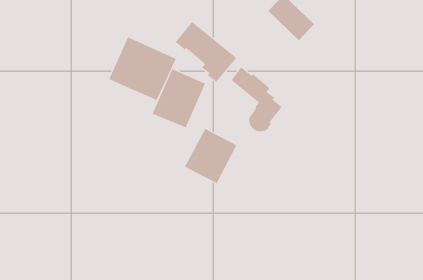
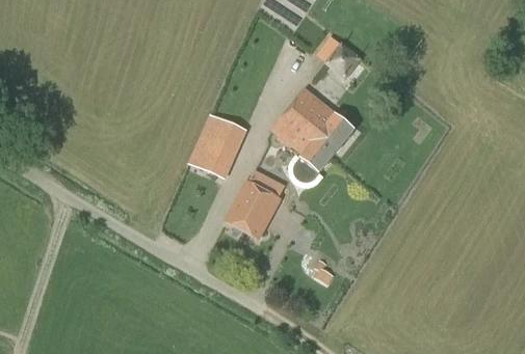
building: [175,21,237,83] -> [286,87,355,155]
building: [109,36,177,101] -> none

